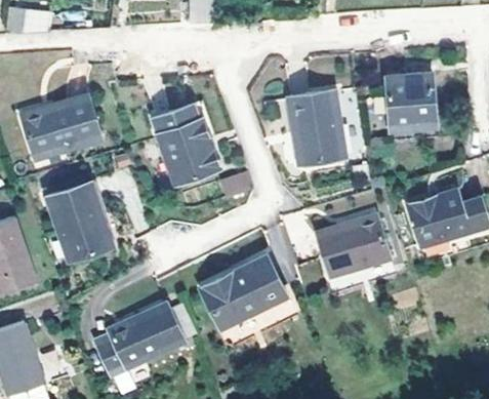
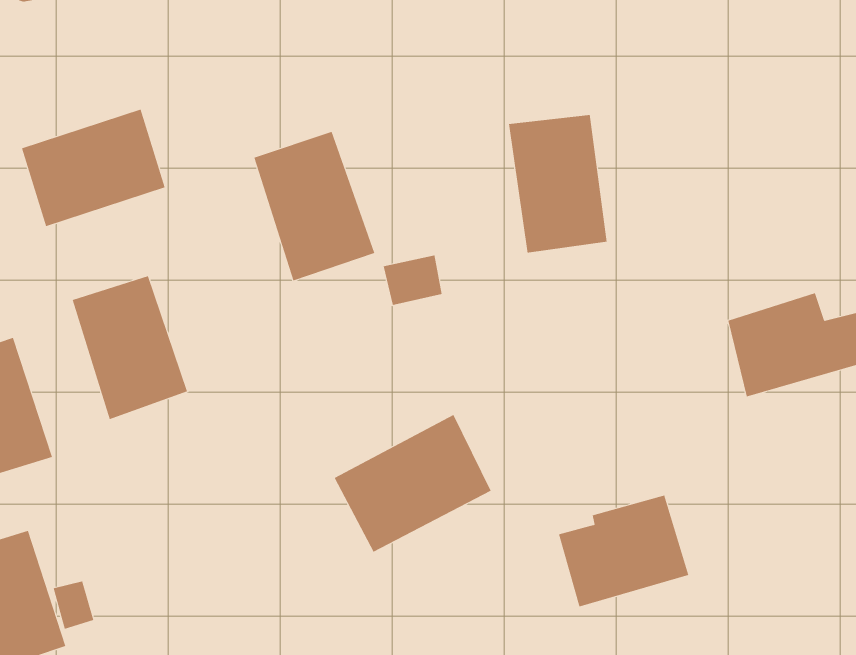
building: [389,75,439,130] -> none
building: [316,215,388,277] -> [558,495,689,607]
building: [100,305,182,376] -> none

